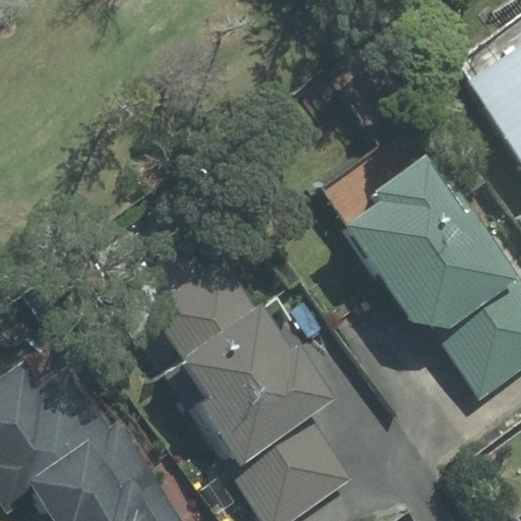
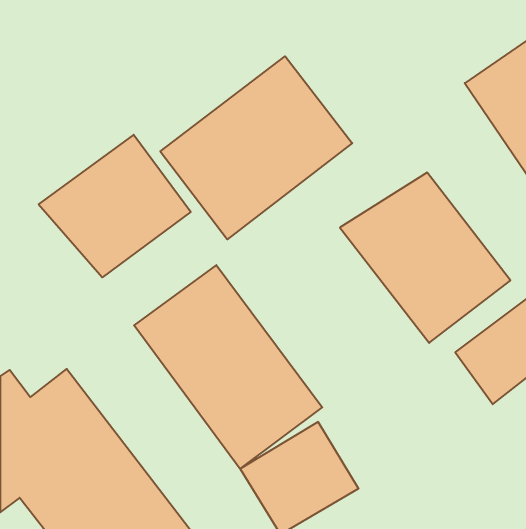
building: none -> [160,56,352,239]
building: none -> [39,135,191,277]

